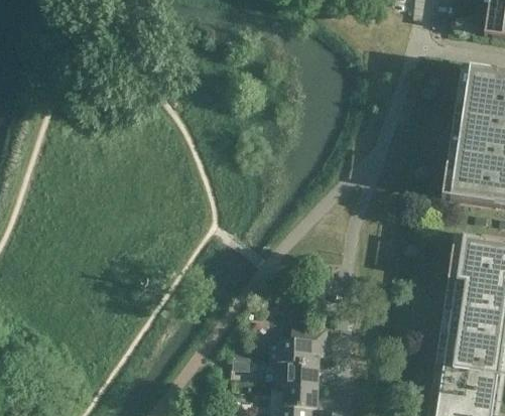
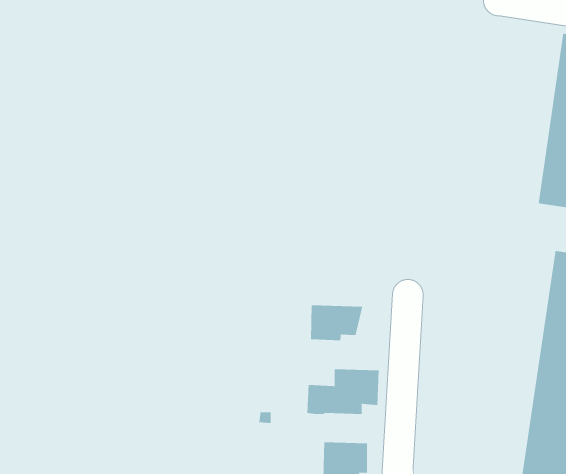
building: none -> [310,305,363,341]
building: [277,361,318,384] -> none

